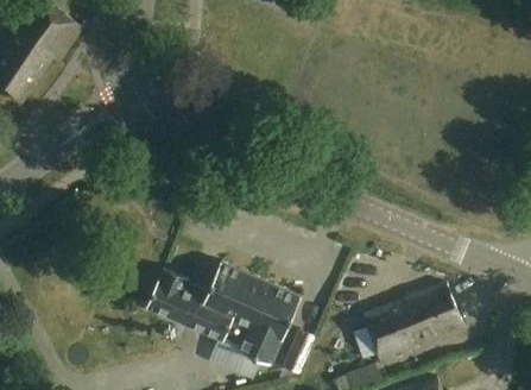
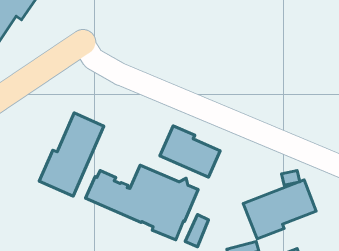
building: none -> [39,113,104,196]
building: none -> [160,126,220,177]

